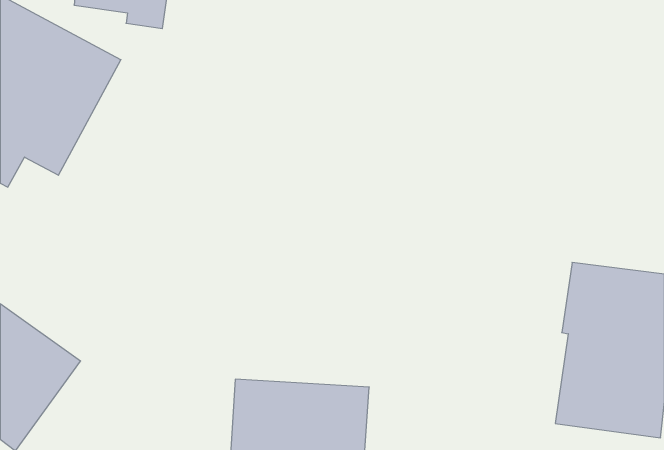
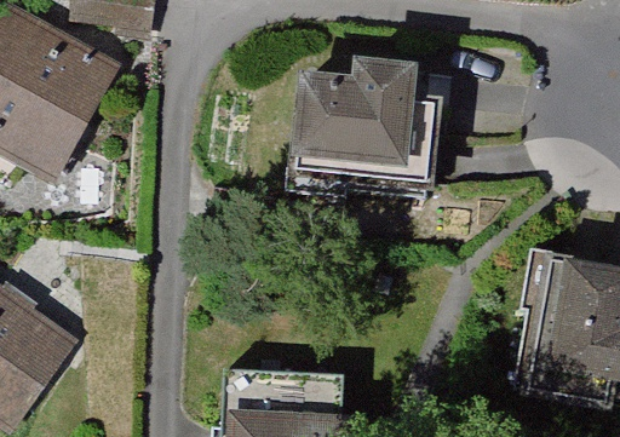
building: none -> [286,39,441,196]

